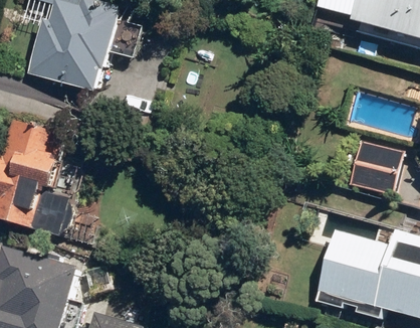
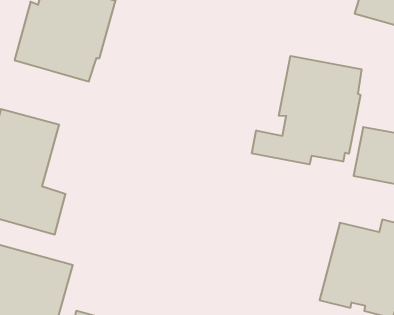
building: none -> [252,56,362,164]

